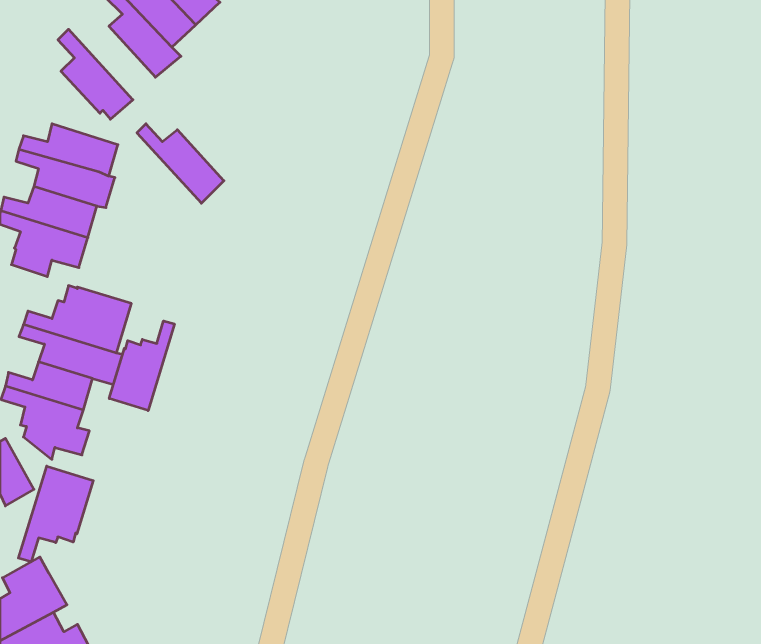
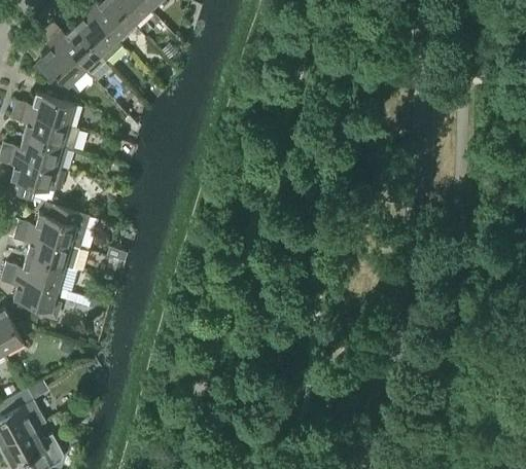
building: [137,124,224,203] -> [47,22,107,76]
building: [109,321,174,411] -> none
building: [18,466,93,562] -> none

